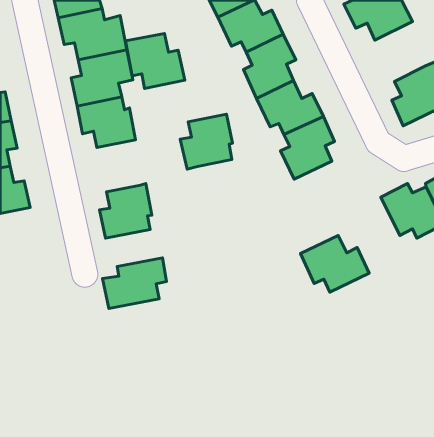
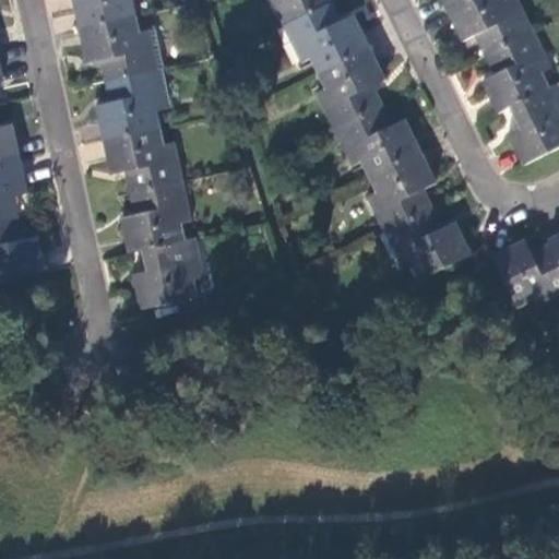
building: none -> [478,28,549,111]
building: [126,33,185,89] -> none
building: [180,114,233,169] -> [119,179,186,249]
building: [301,236,369,292] -> [380,206,467,278]
building: [103,258,167,309] -> none

